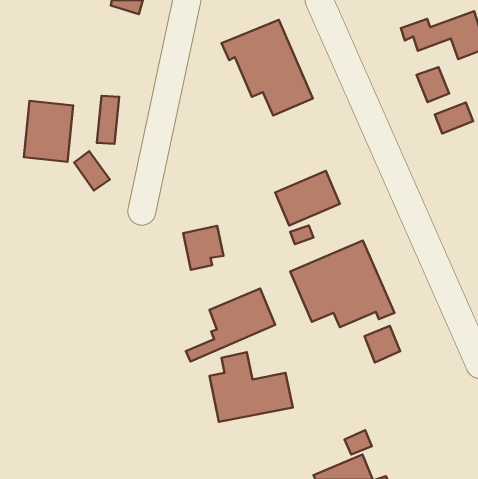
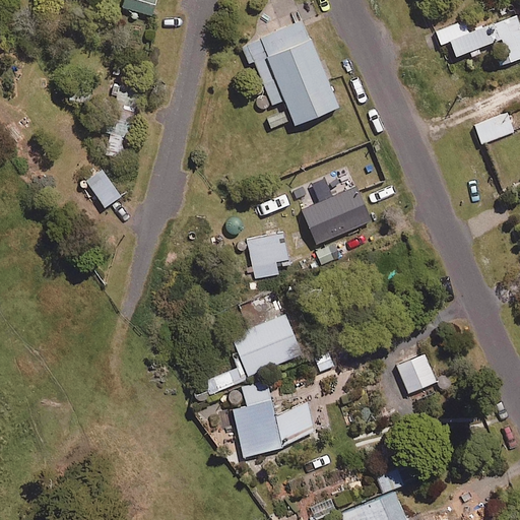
building: [416,67,449,102] -> none
building: [24,101,73,162] -> none
building: [183,226,224,270] -> [247,232,290,279]
building: [290,241,394,327] -> none

